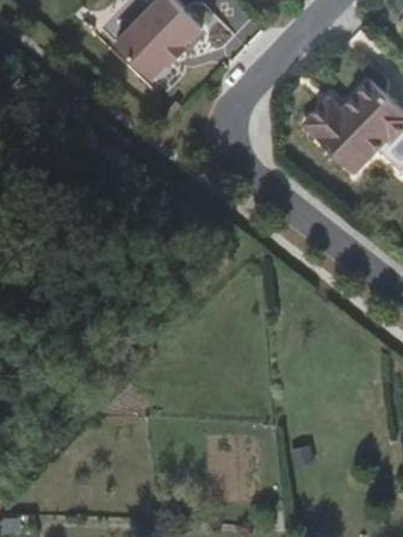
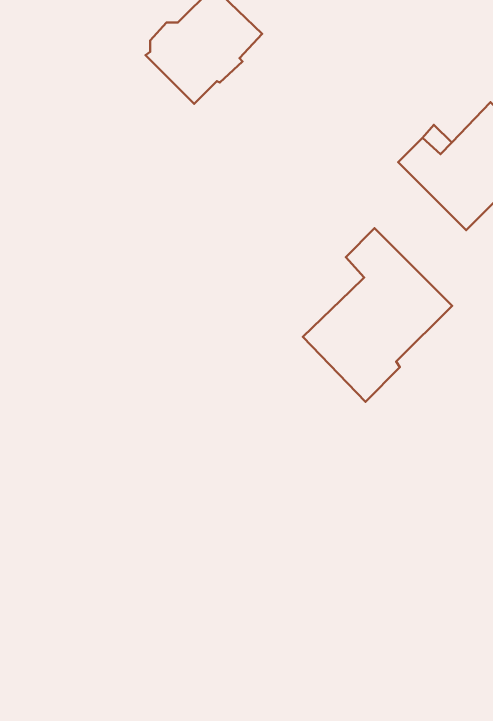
building: none -> [303,228,452,402]

